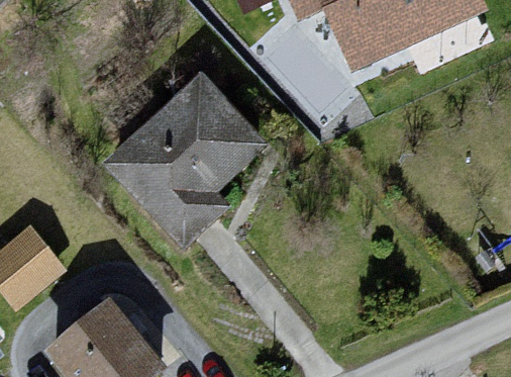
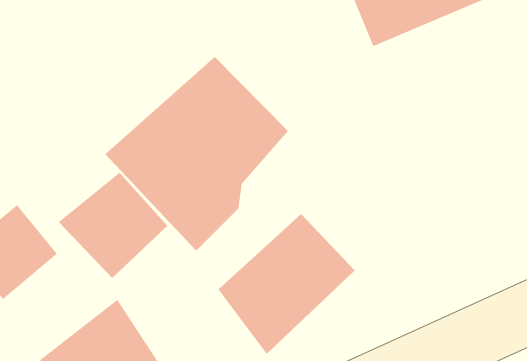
building: none -> [58,172,168,279]
building: none -> [217,213,356,355]

